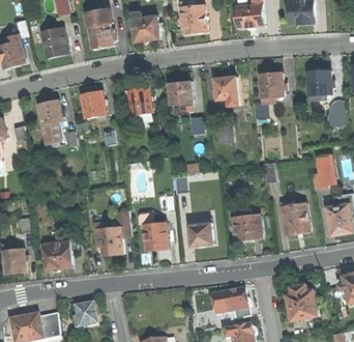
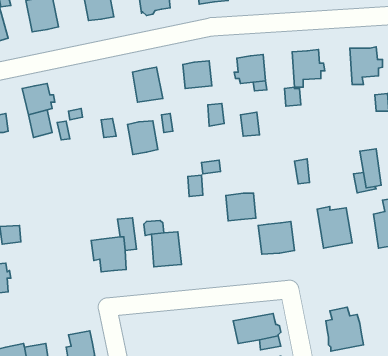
building: [80,89,105,117] -> [128,121,158,155]
building: [187,222,212,245] -> [226,193,256,221]
building: [42,239,72,269] -> none

